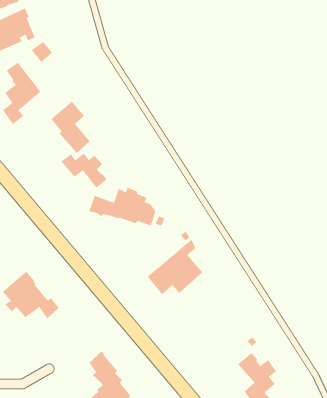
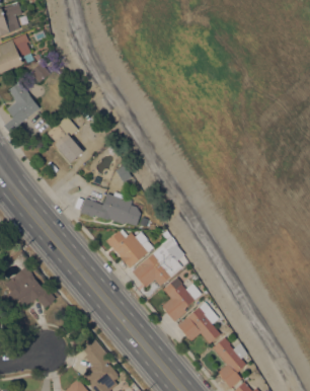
building: [61,153,107,188] -> none
building: none -> [106,230,153,267]
building: none -> [161,277,201,321]
building: none -> [176,302,220,343]

